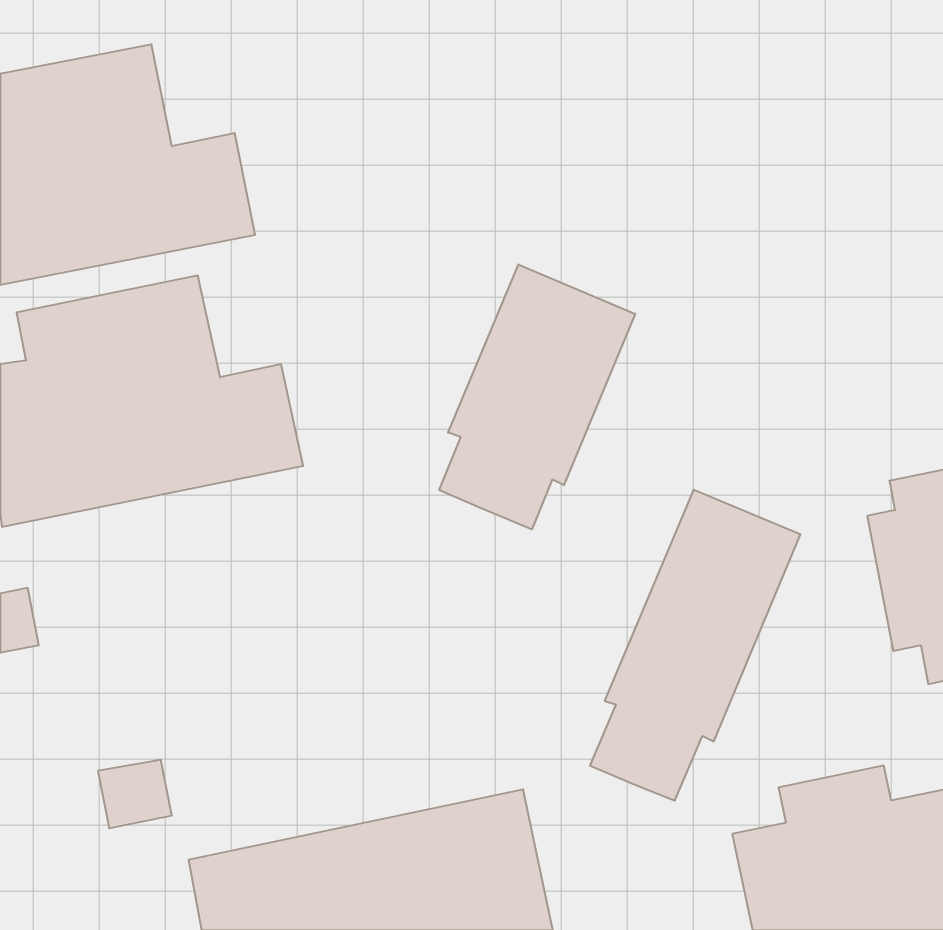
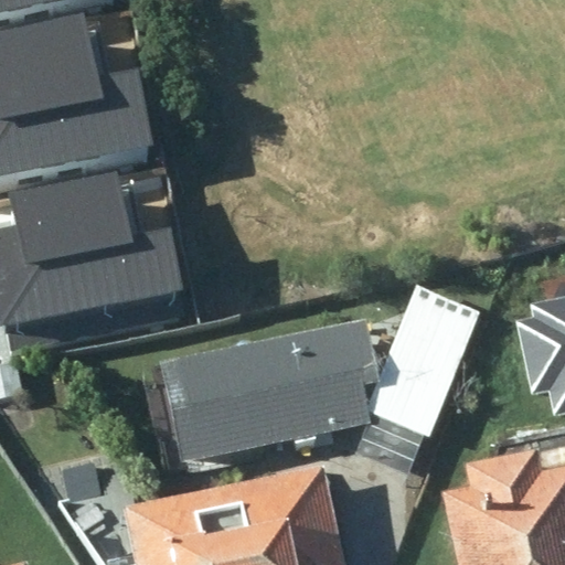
building: [439,264,635,529] -> none
building: none -> [142,326,361,466]

